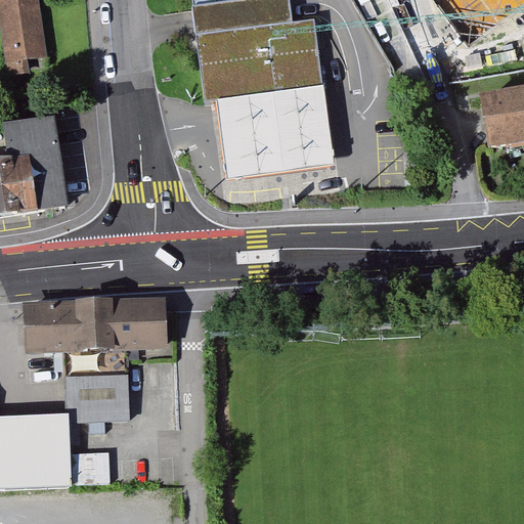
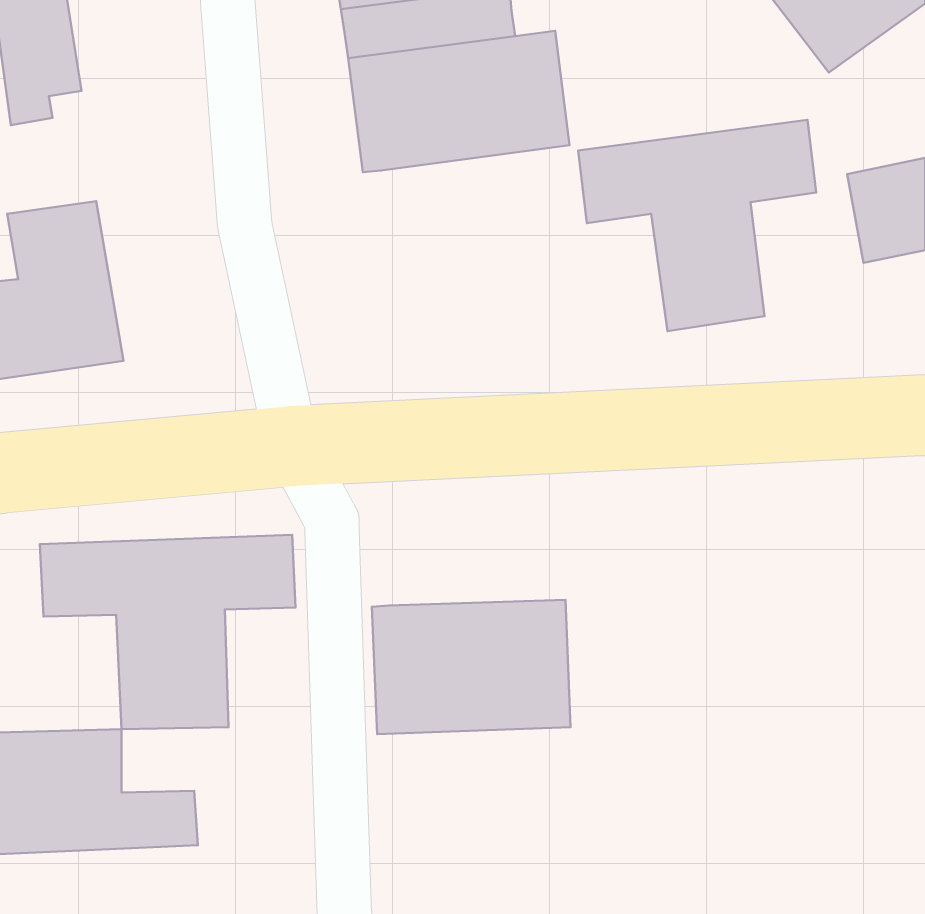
building: none -> [578,120,816,331]
building: [215,82,333,179] -> none
building: none -> [372,600,571,734]

